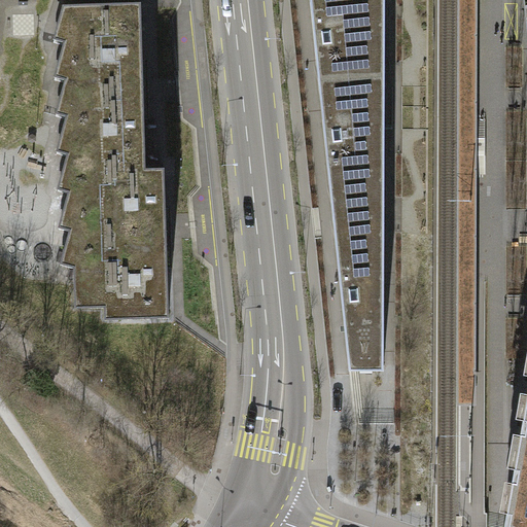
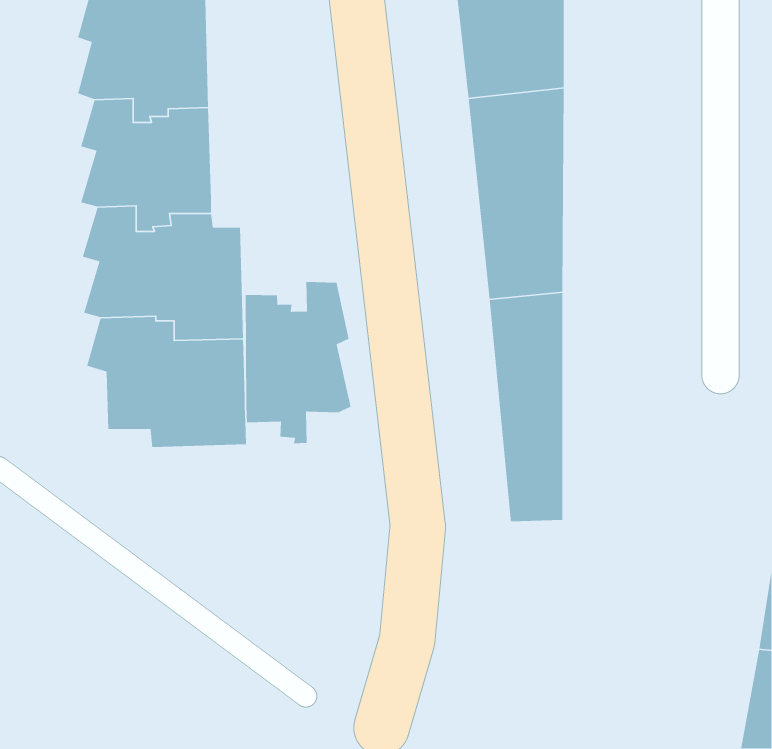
building: none -> [245,281,352,444]

